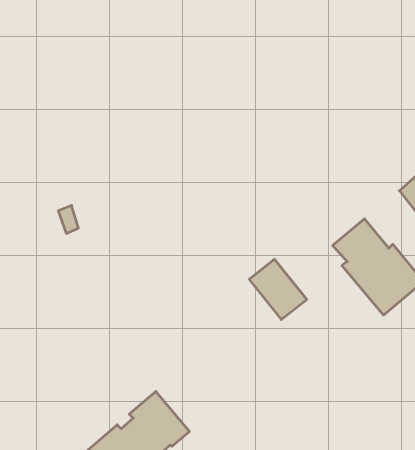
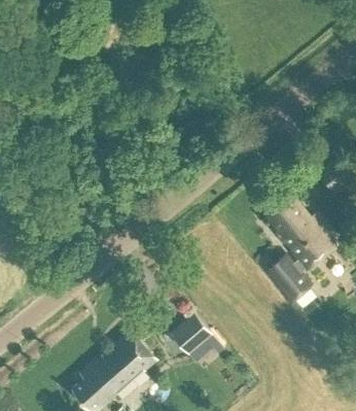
building: [249,259,307,320] -> [265,258,310,304]
building: none -> [172,319,207,354]

